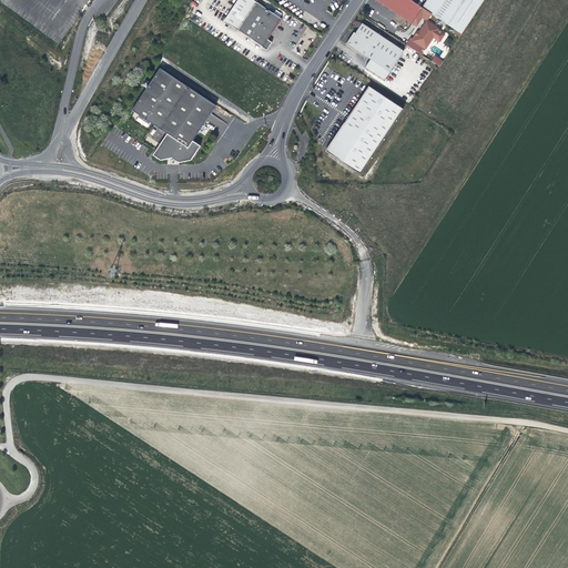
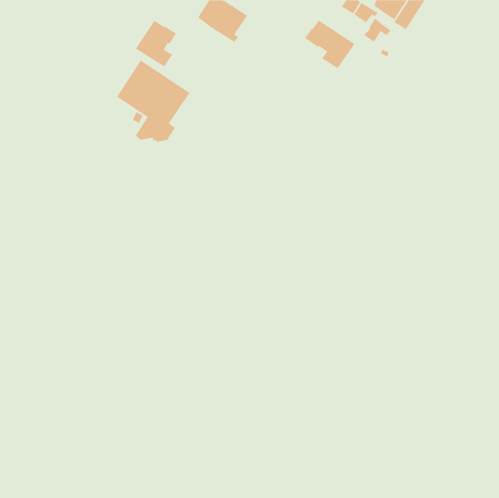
building: none -> [135,20,177,68]
building: [325,85,403,173] -> none

